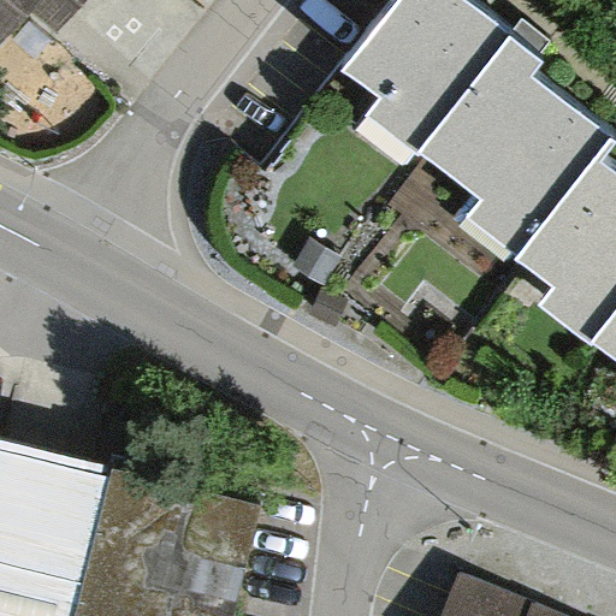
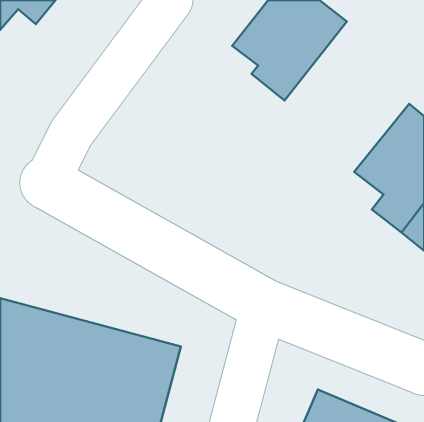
building: [413,35,606,253] -> none

